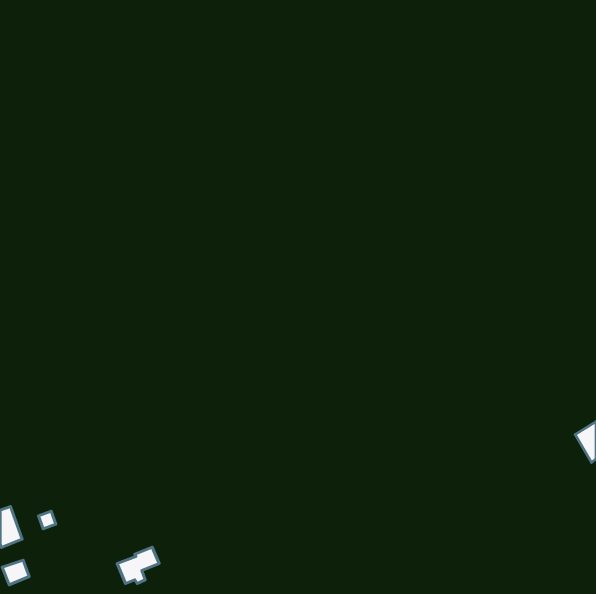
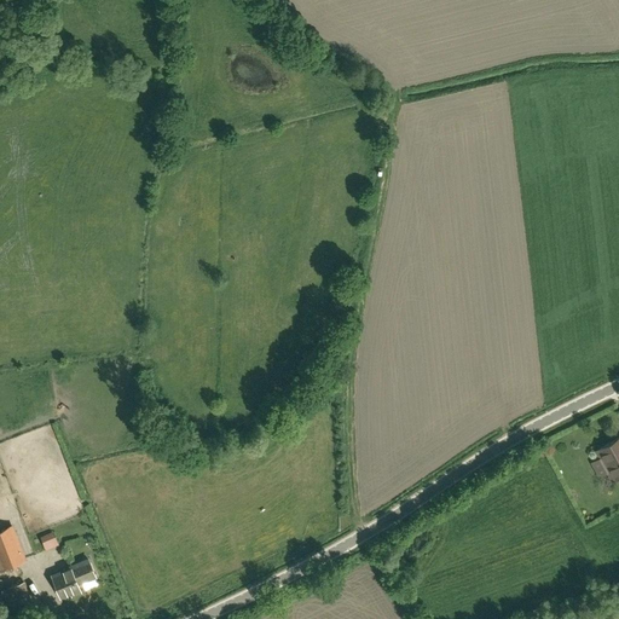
building: [117,547,159,583] -> [52,560,96,597]

